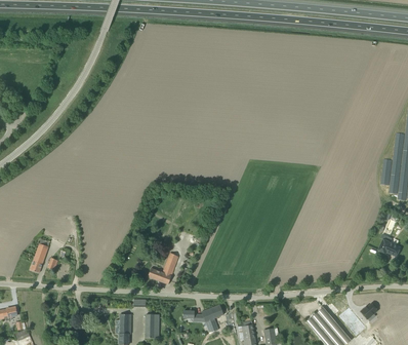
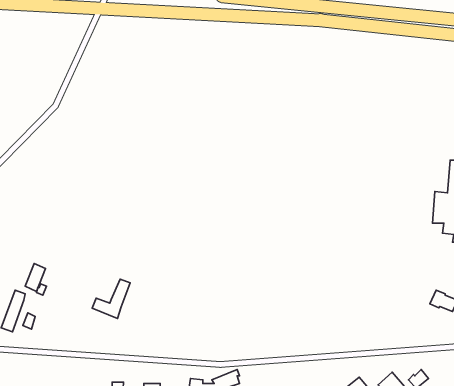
building: [149,253,179,284] -> [92,279,130,318]

